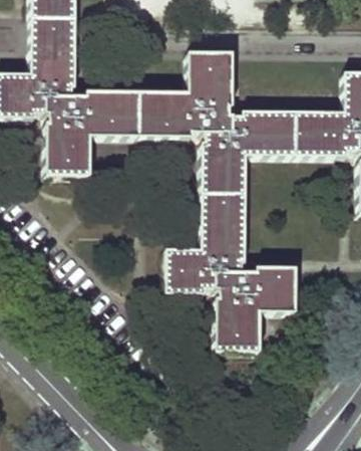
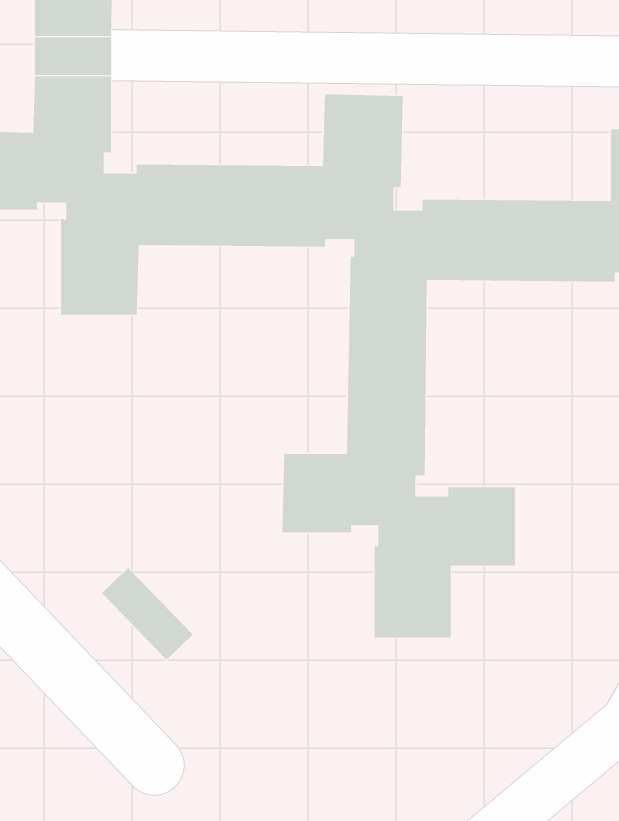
building: none -> [101,567,194,661]

